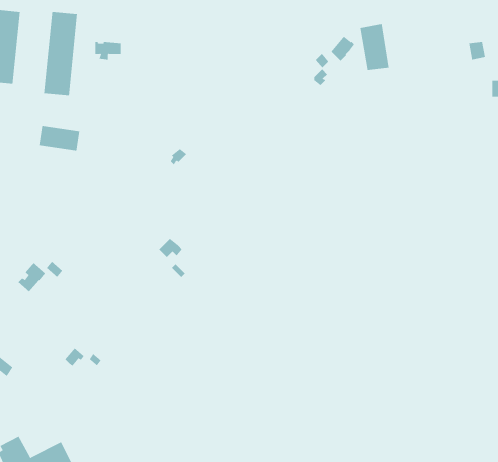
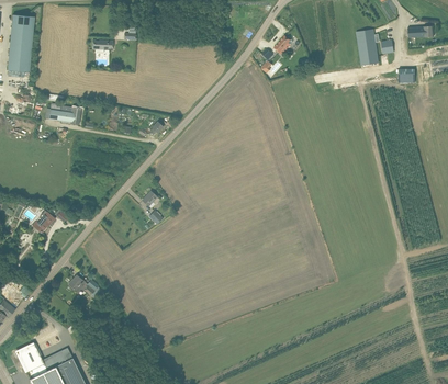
building: [44,11,78,96] -> none
building: [360,24,389,71] -> [356,29,379,65]

